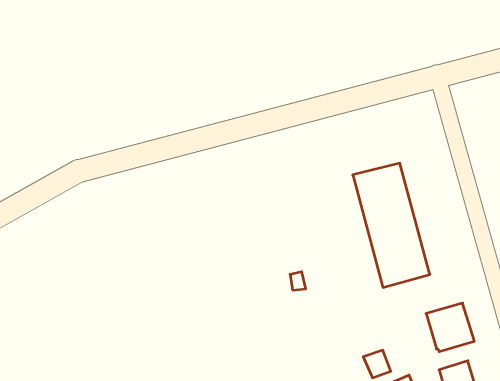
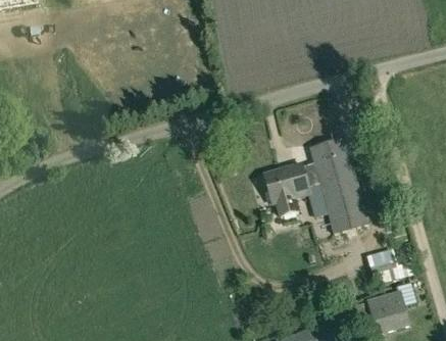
building: none -> [261,164,306,216]

